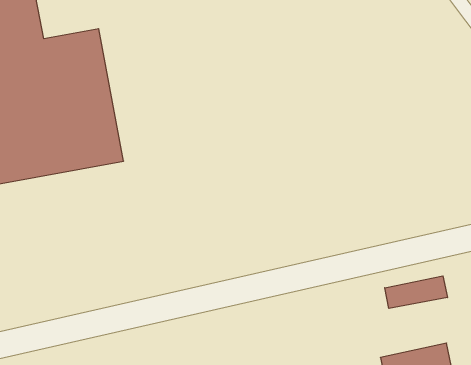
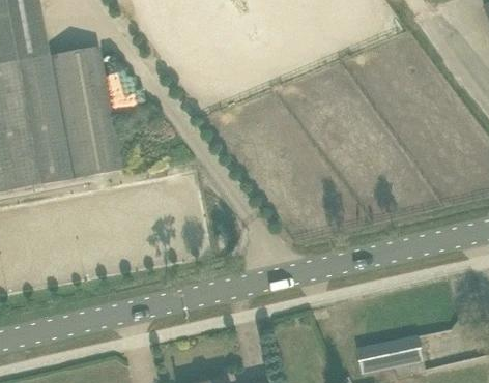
building: [385,276,447,308] -> none

